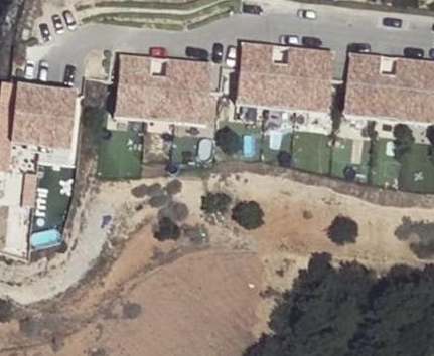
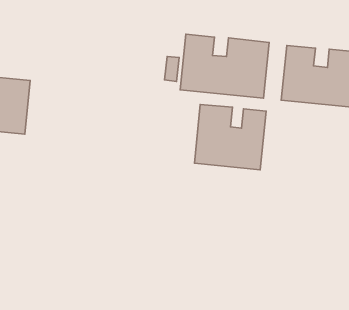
building: [113,54,209,123] -> none
building: none -> [194,104,266,170]

